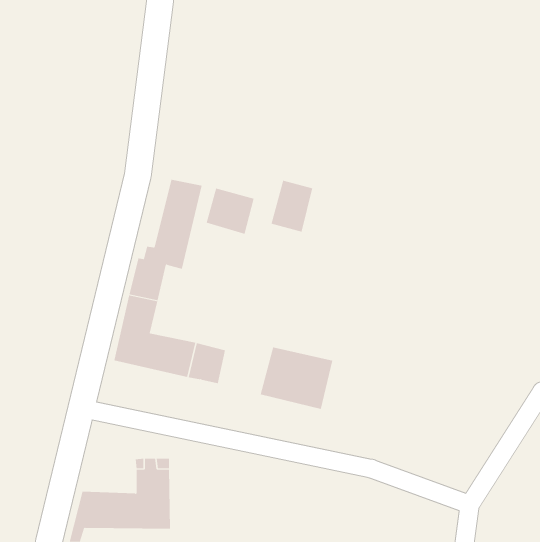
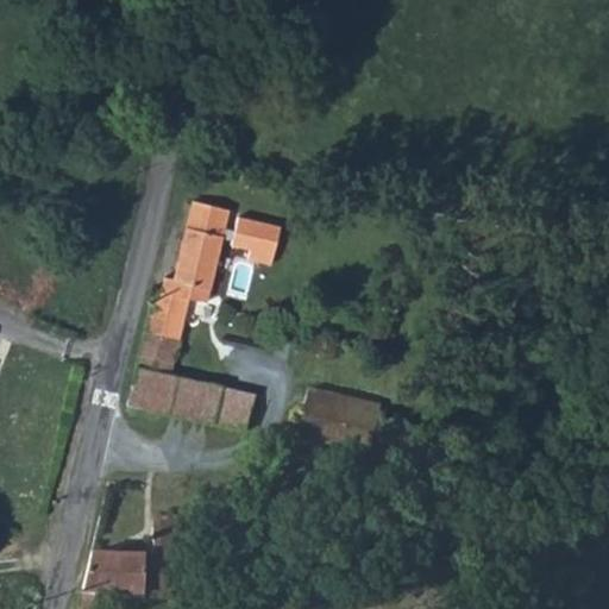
building: [271,180,313,233] -> none

